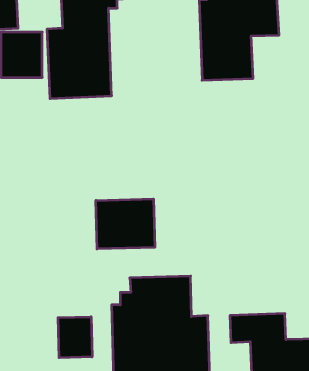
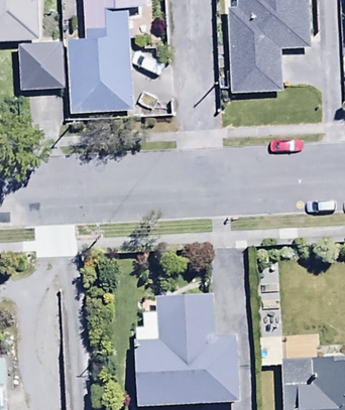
building: [96,199,155,249] -> none
building: [58,317,92,358] -> none

